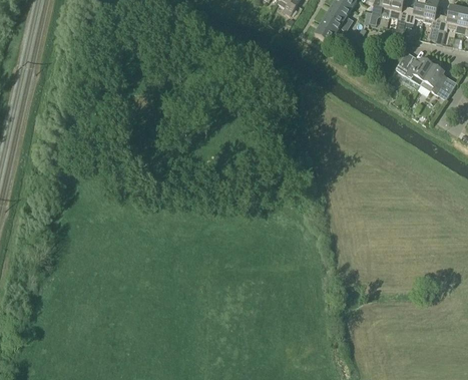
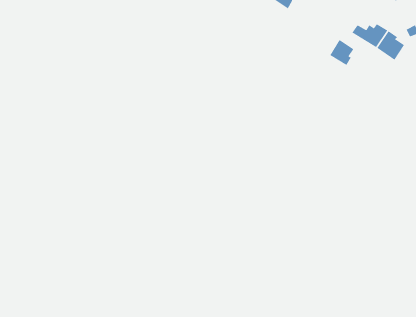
building: none -> [330,39,354,66]

